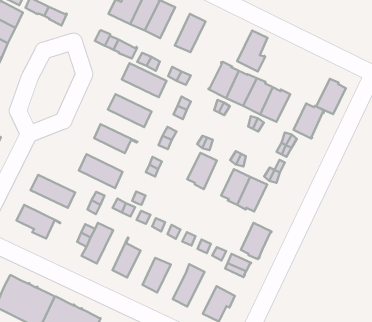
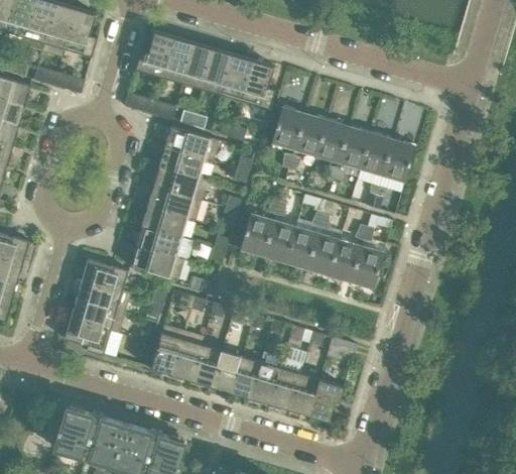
building: none -> [202,49,233,96]
building: [237,30,267,71] -> [241,61,274,109]
building: [316,79,346,114] -> [359,132,391,174]
building: none -> [158,147,206,181]
building: none -> [146,187,200,220]
building: none -> [135,224,181,257]
building: none -> [239,214,273,255]
building: none -> [81,258,129,293]
building: none -> [284,227,316,268]
building: none -> [70,300,123,333]
building: [241,223,271,259] -> [350,246,383,289]
building: none -> [169,332,202,380]
building: none -> [209,351,239,392]
building: none -> [248,352,281,403]
building: none -> [287,374,318,416]

